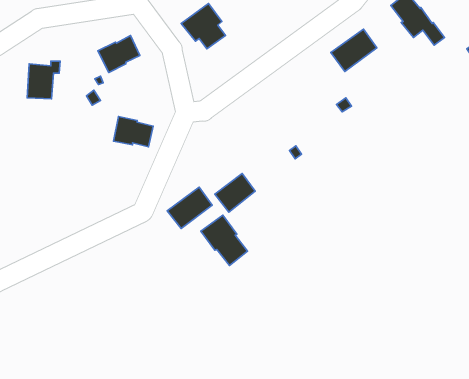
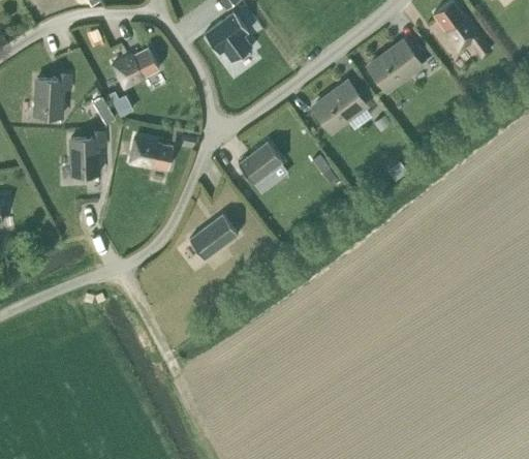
building: none -> [313,81,363,127]
building: none -> [70,132,104,176]
building: [215,173,255,212] -> [238,142,282,184]
building: [201,215,248,266] -> none

